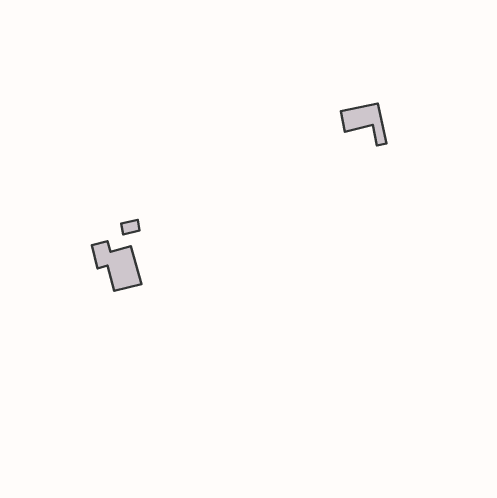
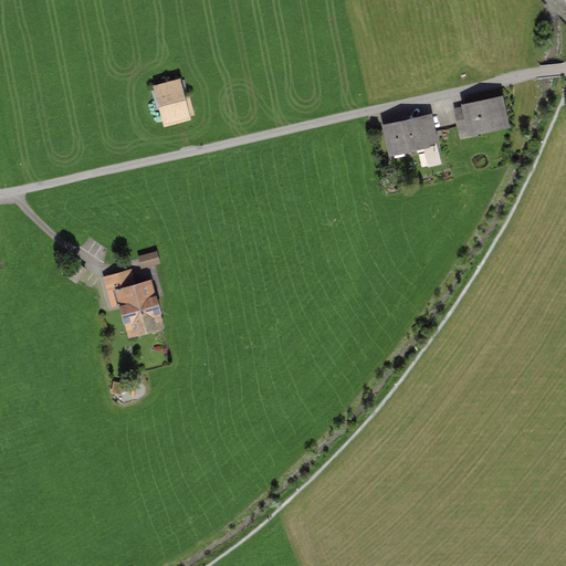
building: none -> [156,80,190,117]
building: none -> [455,99,502,130]

